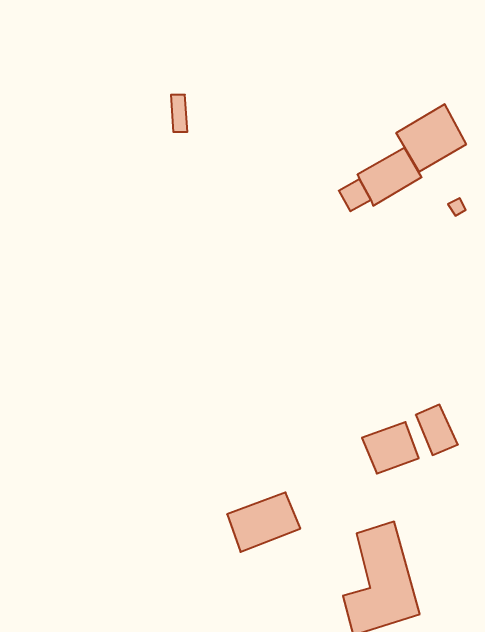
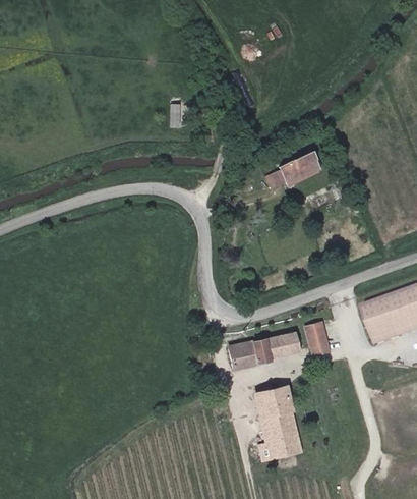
building: [396,104,466,172] -> none
building: [227,492,300,552] -> [229,336,276,372]

